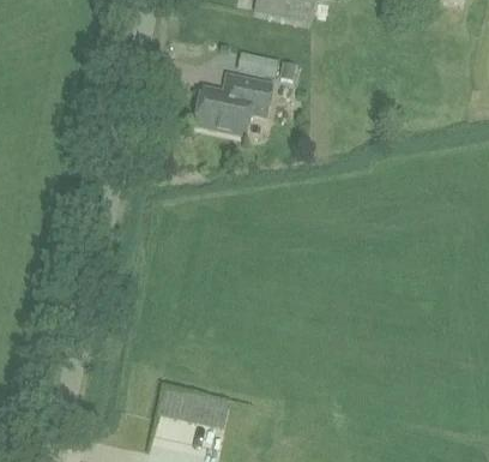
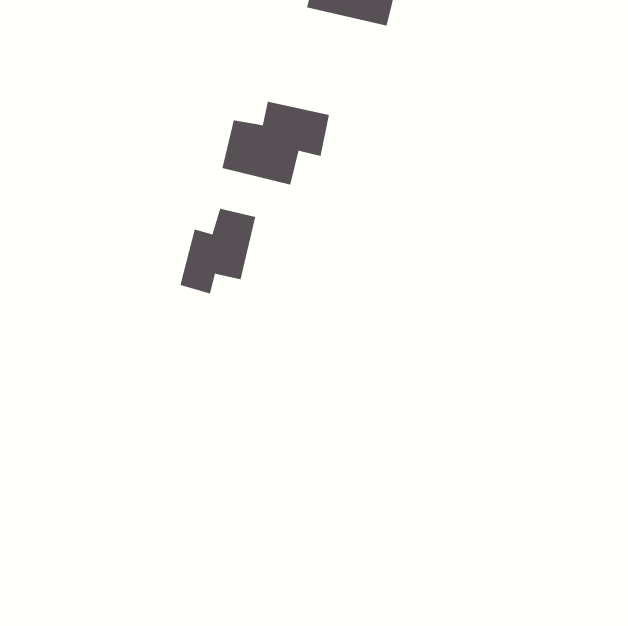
building: none -> [179,208,256,294]

